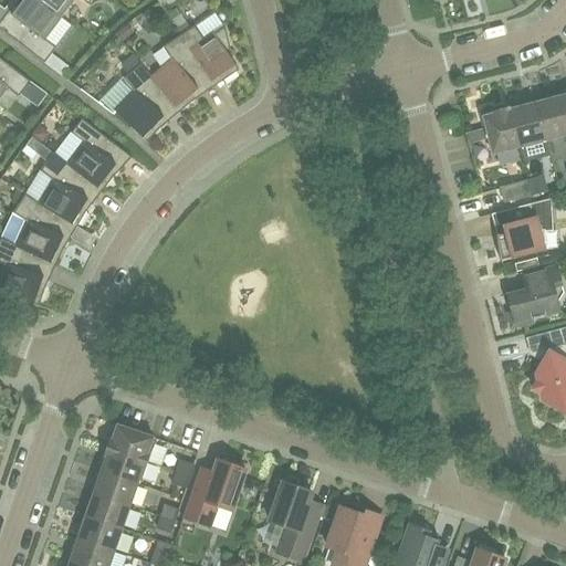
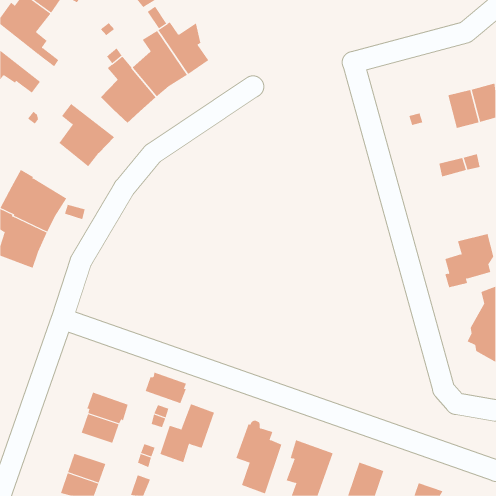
building: [481,106,518,154] -> none
building: [38,151,101,226] -> none
building: [495,198,551,261] -> none
building: [105,423,153,460] -> [145,372,187,404]
building: [84,492,128,527] -> none

